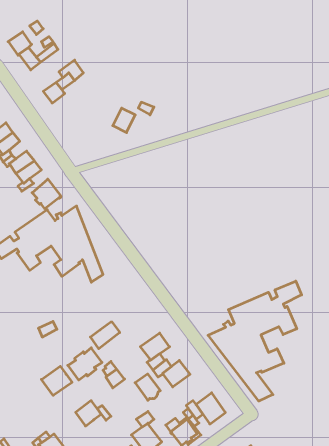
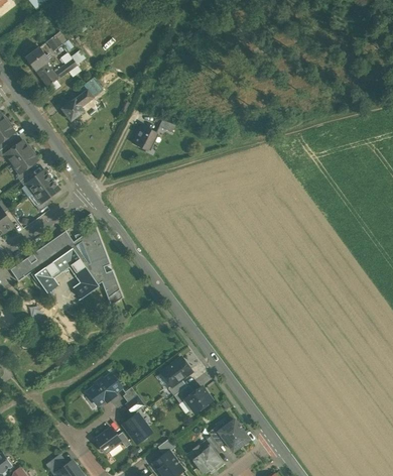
building: [32,179,61,209] -> none
building: [208,281,302,401] -> none
building: [90,322,120,349] -> none
building: [41,366,72,395] -> none
building: [135,374,160,400] -> [124,415,150,443]

